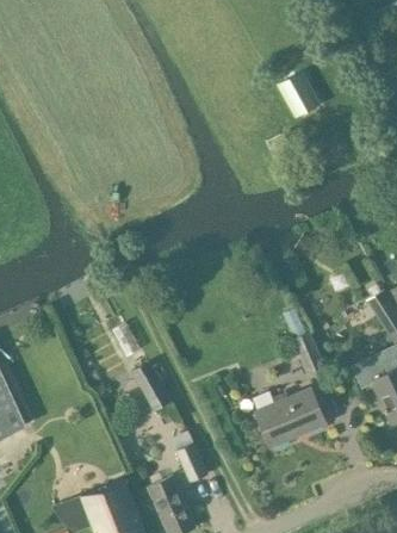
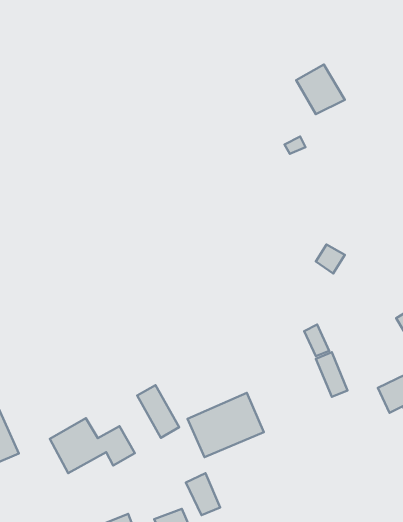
building: [256,389,325,447] -> [188,393,264,457]
building: none -> [50,418,135,473]

